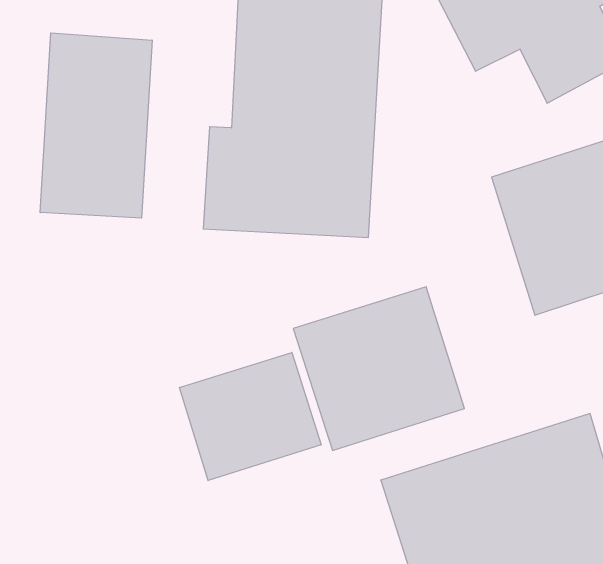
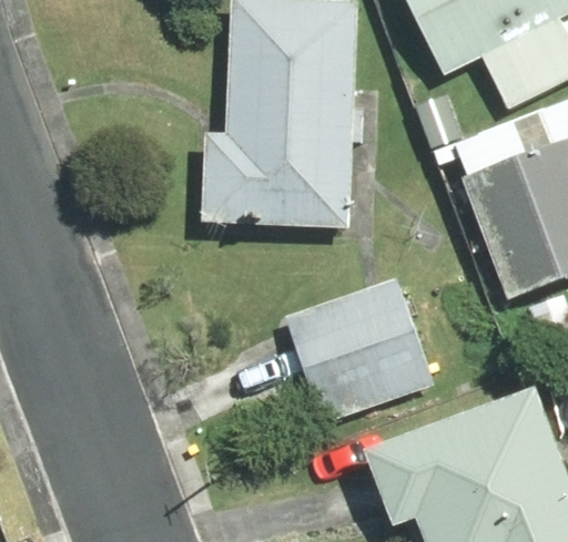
building: [40,33,152,218] -> none
building: [180,352,321,481] -> none

